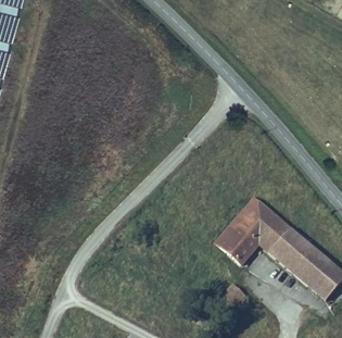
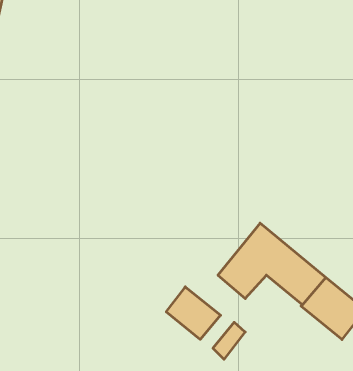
building: none -> [166,287,221,339]

